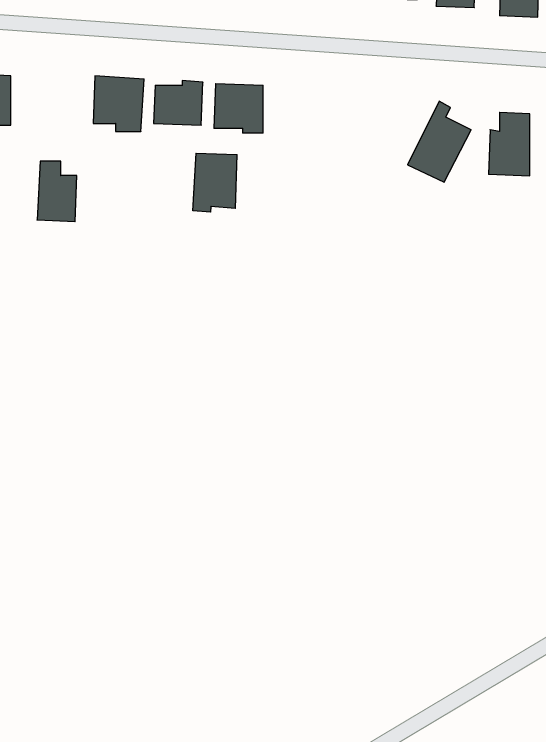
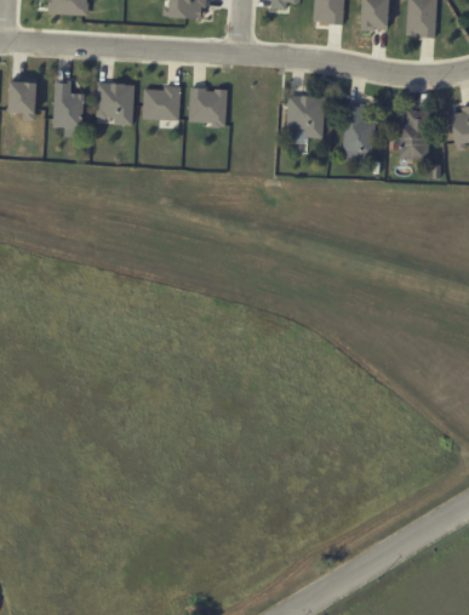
building: none -> [286,95,325,137]
building: [193,153,237,212] -> none
building: [37,161,77,222] -> [53,81,84,127]

